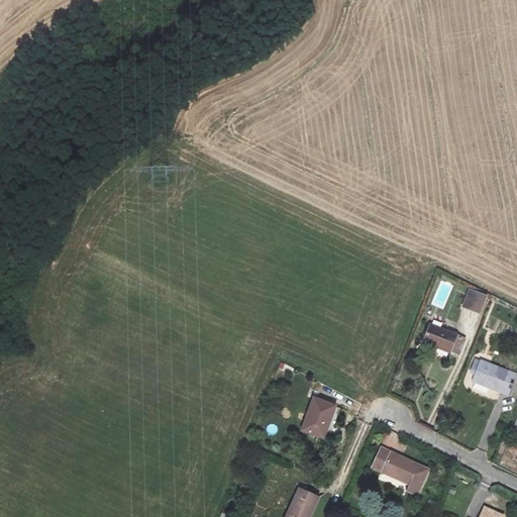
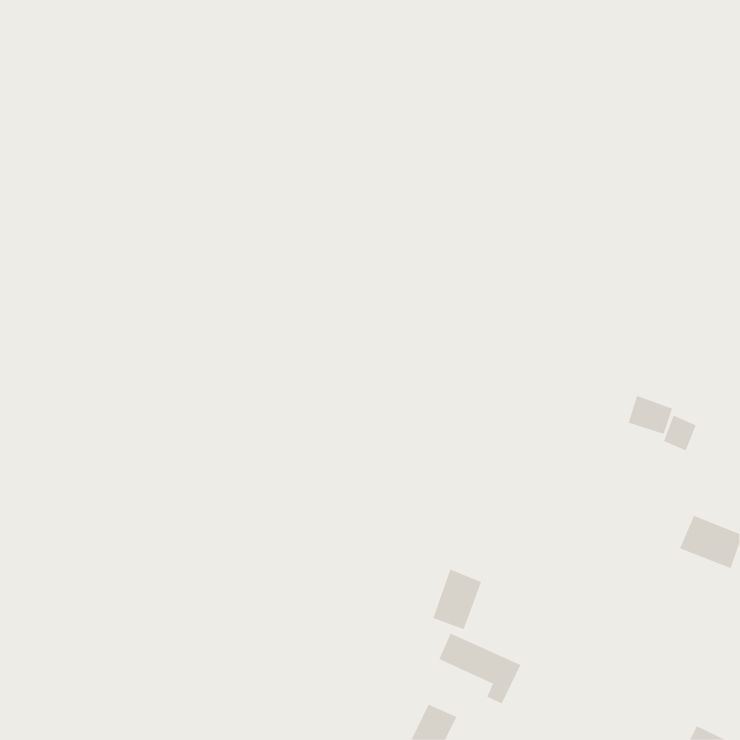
building: [423,323,454,350] -> [628,395,673,434]
building: [372,446,429,496] -> [438,633,521,704]

